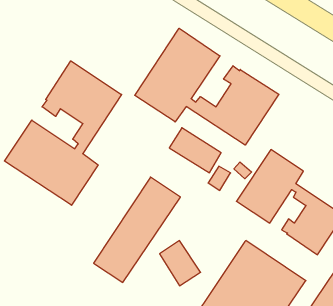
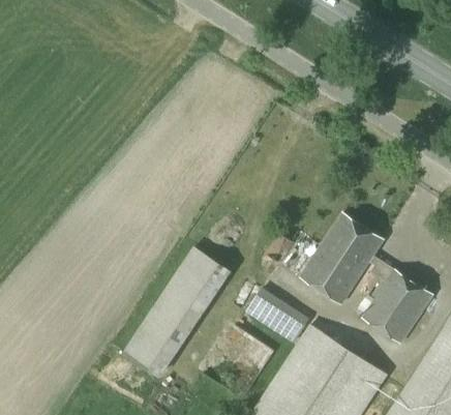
building: [135,28,279,145] -> none
building: [4,61,122,205] -> none
building: [169,128,221,173] -> [245,288,309,344]

